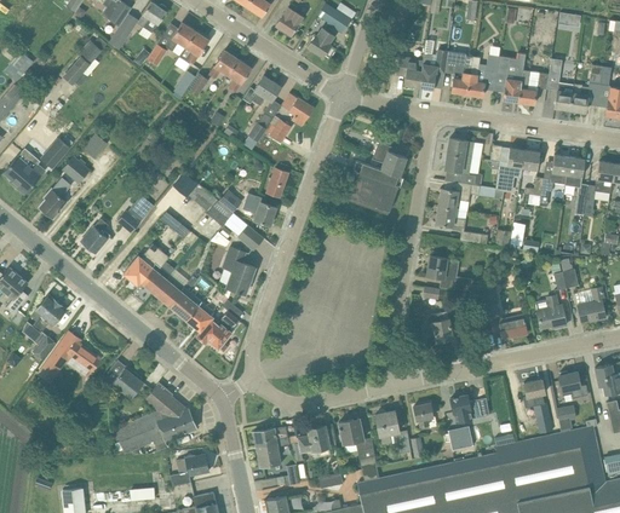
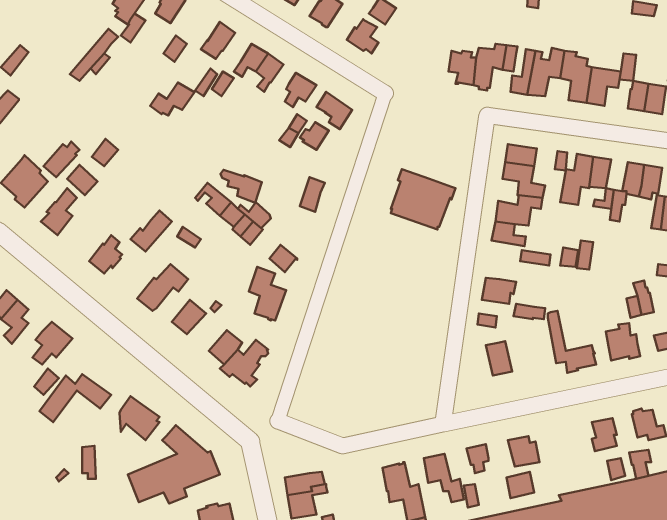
building: [157,22,196,51] -> [150,82,194,115]
building: [372,142,407,175] -> none
building: [240,196,276,225] -> [221,170,262,203]
building: [140,260,174,294] -> none
building: [167,287,202,319] -> none
building: [289,425,329,461] -> none

